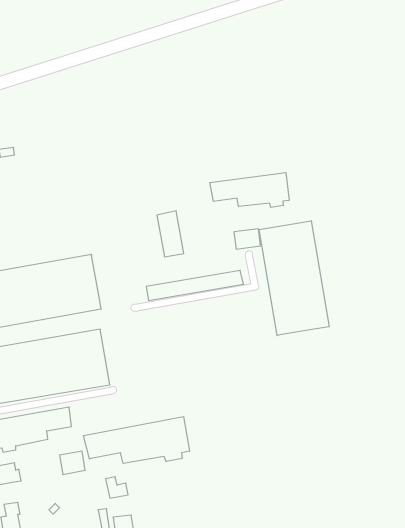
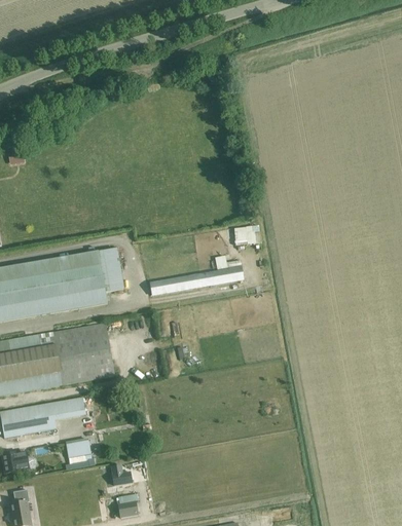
building: [210,173,289,207] -> none
building: [157,211,184,257] -> [98,248,123,292]
building: [259,221,329,336] -> none
building: [84,417,190,463] -> none

